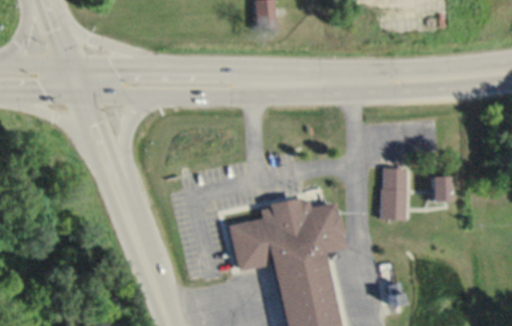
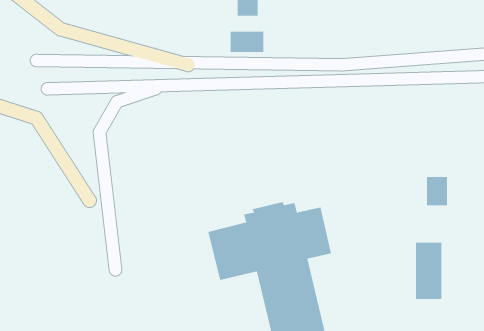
building: none -> [230,31,264,53]
building: [380,166,405,219] -> [415,242,442,300]

